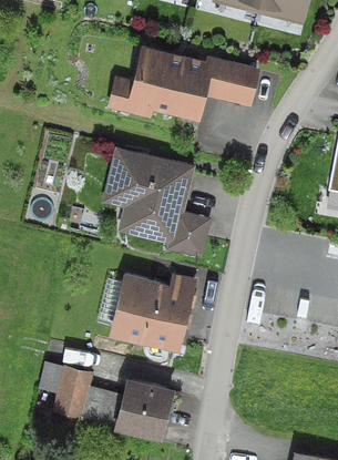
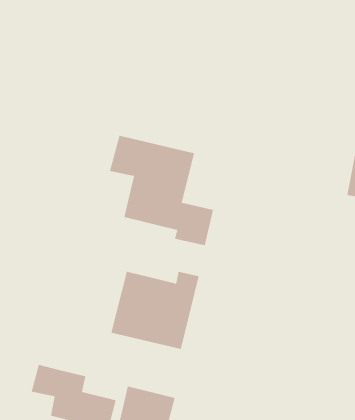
building: [131,50,208,114] -> none
building: [213,62,255,103] -> none

